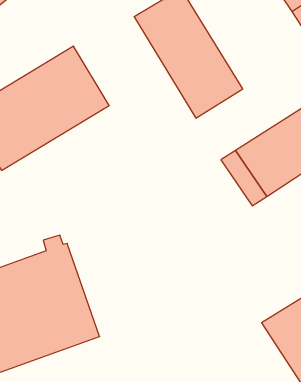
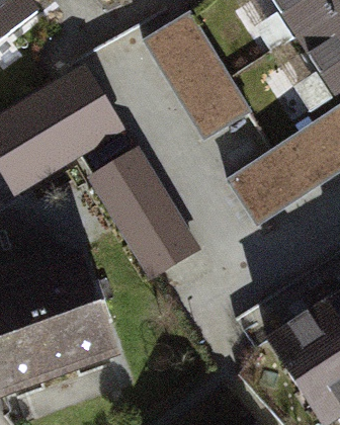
building: none -> [95,153,195,276]

